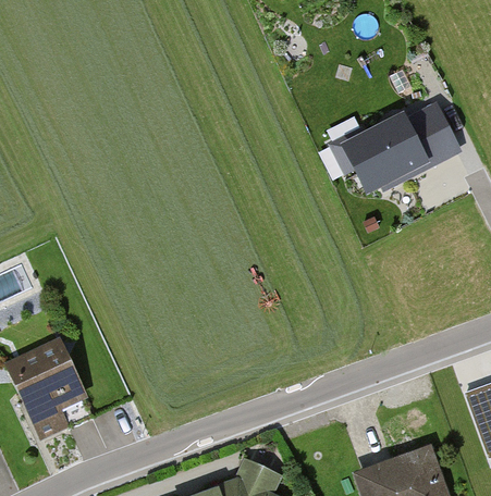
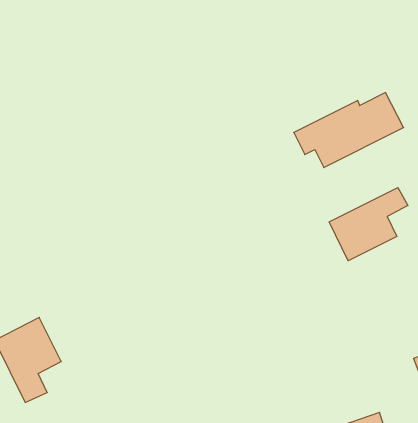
building: none -> [329,188,408,261]

